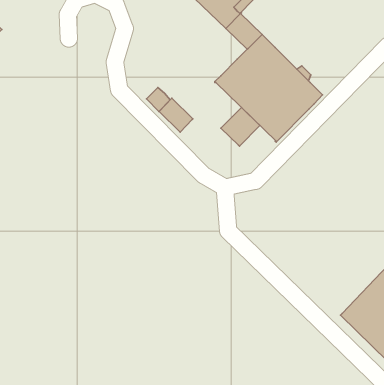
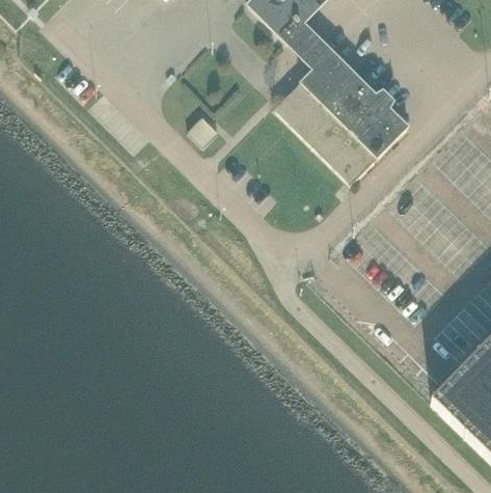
building: [159,98,193,132] -> none
building: [221,107,260,146] -> none

